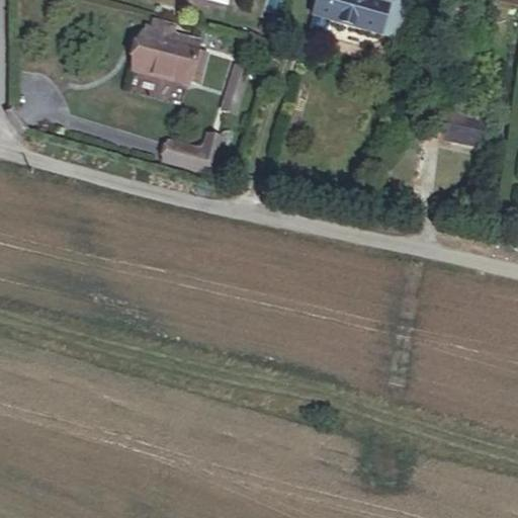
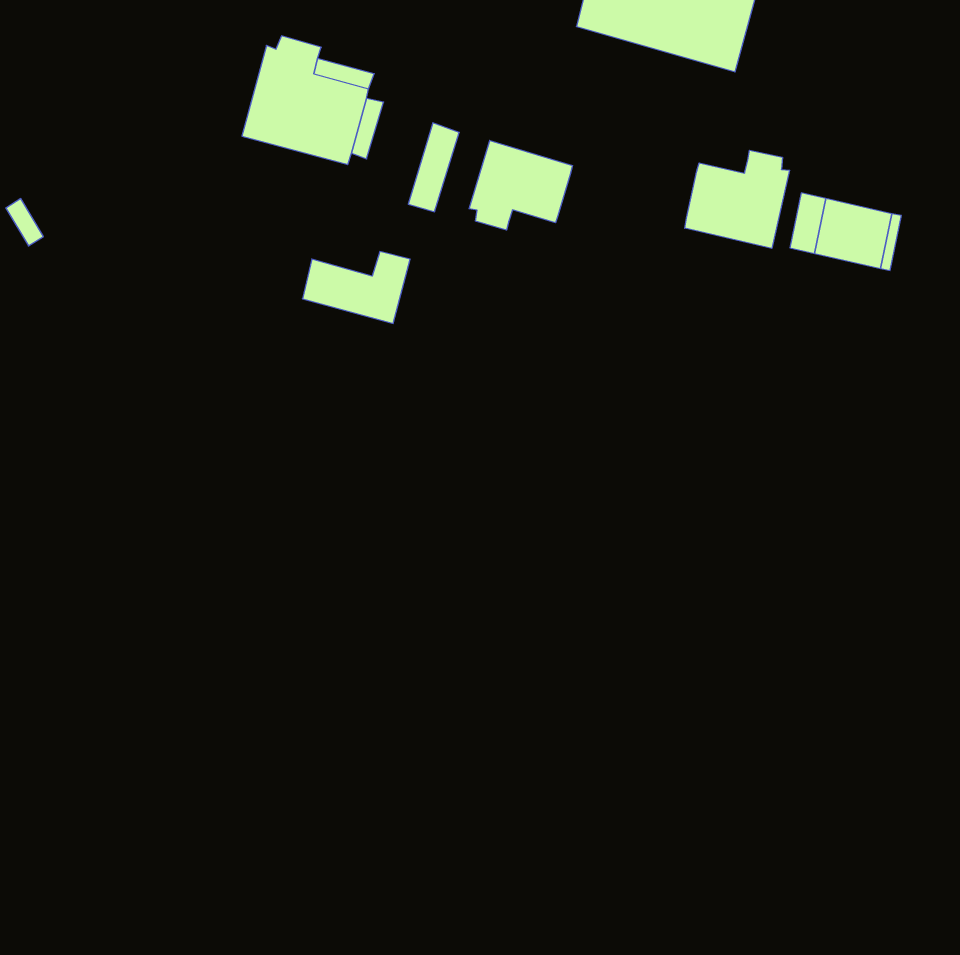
building: none -> [469,140,572,230]
building: none -> [685,150,790,248]

